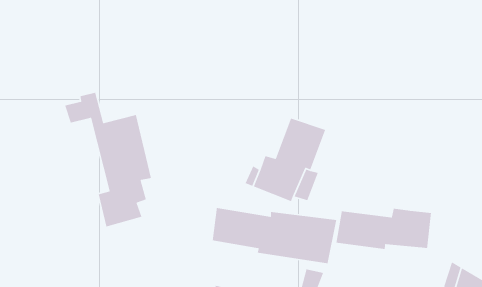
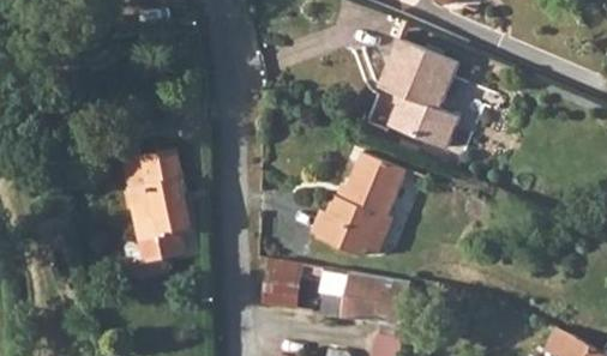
building: none -> [373,38,453,146]
building: [336,208,432,250] -> none

